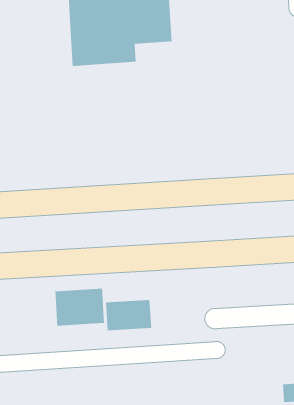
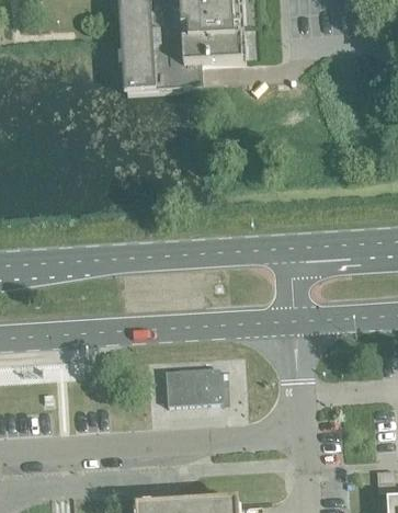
building: [55,288,105,326] -> none

